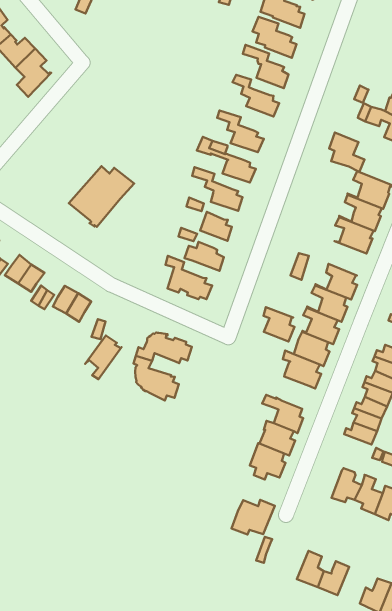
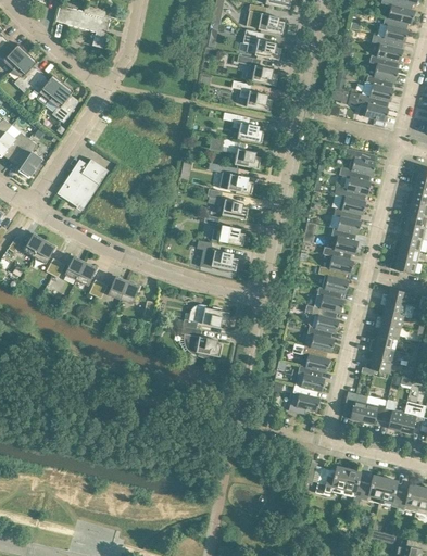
building: [329,133,364,172] -> none
building: [69,166,134,227] -> [56,159,109,210]
building: none -> [332,207,363,233]
building: [263,307,294,342] -> [307,326,335,352]
building: [85,335,122,379] -> none
building: none -> [342,391,367,421]
building: [231,500,275,535] -> [315,465,349,495]
building: none -> [378,477,401,506]

